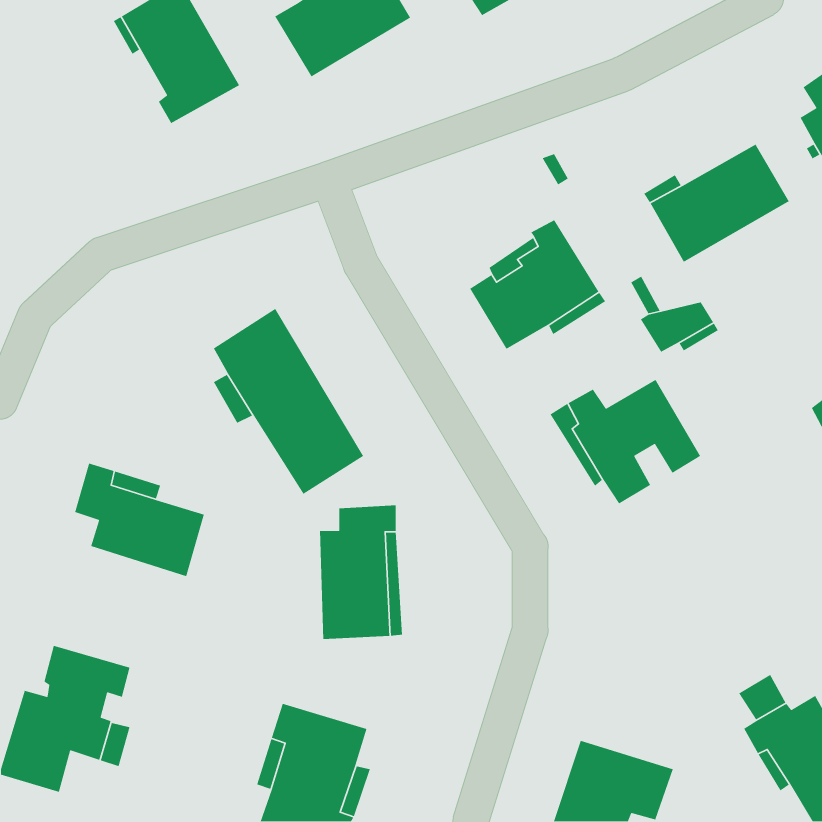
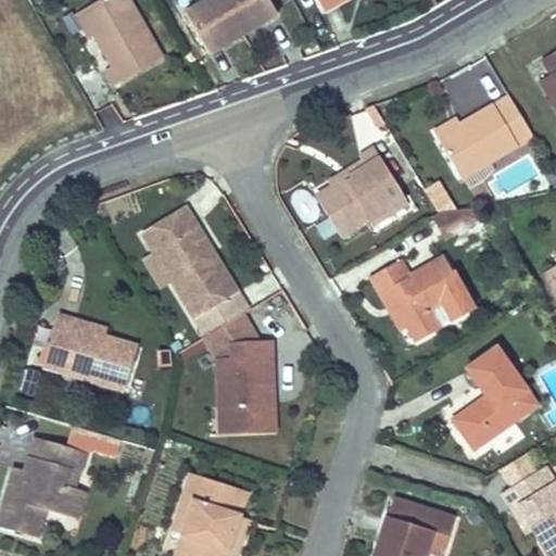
building: none -> [454,348,536,448]

